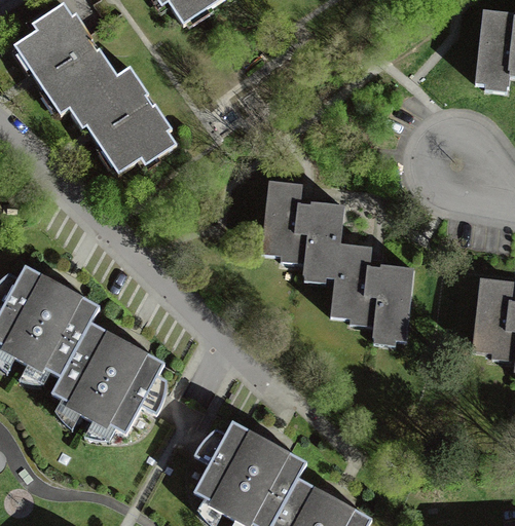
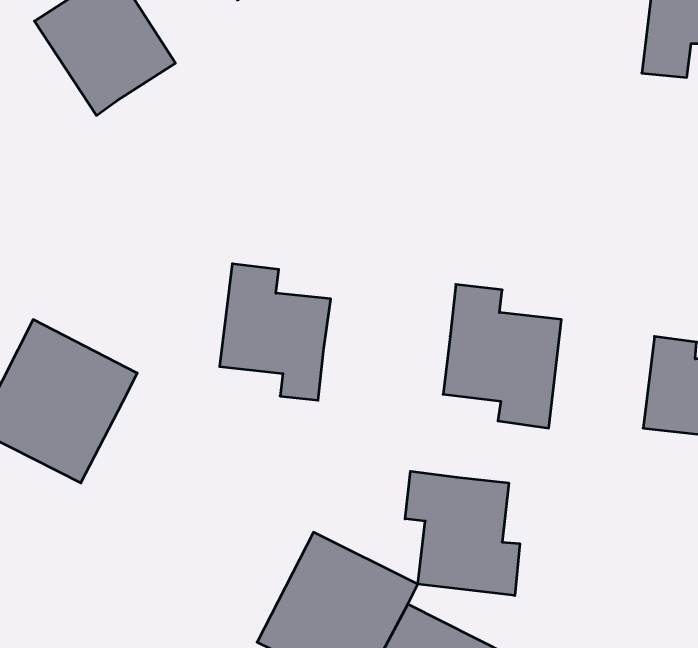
building: [85,70,191,180] -> none
building: [257,180,338,279] -> [220,264,331,400]
building: [52,321,169,439] -> none
building: none -> [405,471,520,596]

